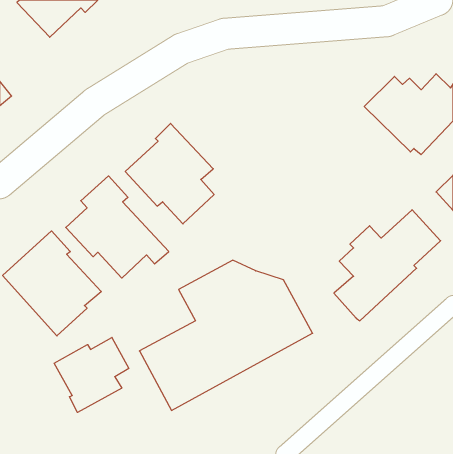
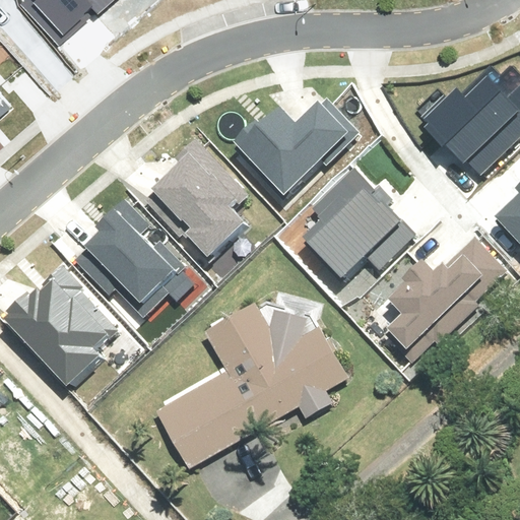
building: none -> [232,98,353,199]
building: none -> [300,162,415,277]
building: [54,337,129,412] -> none

